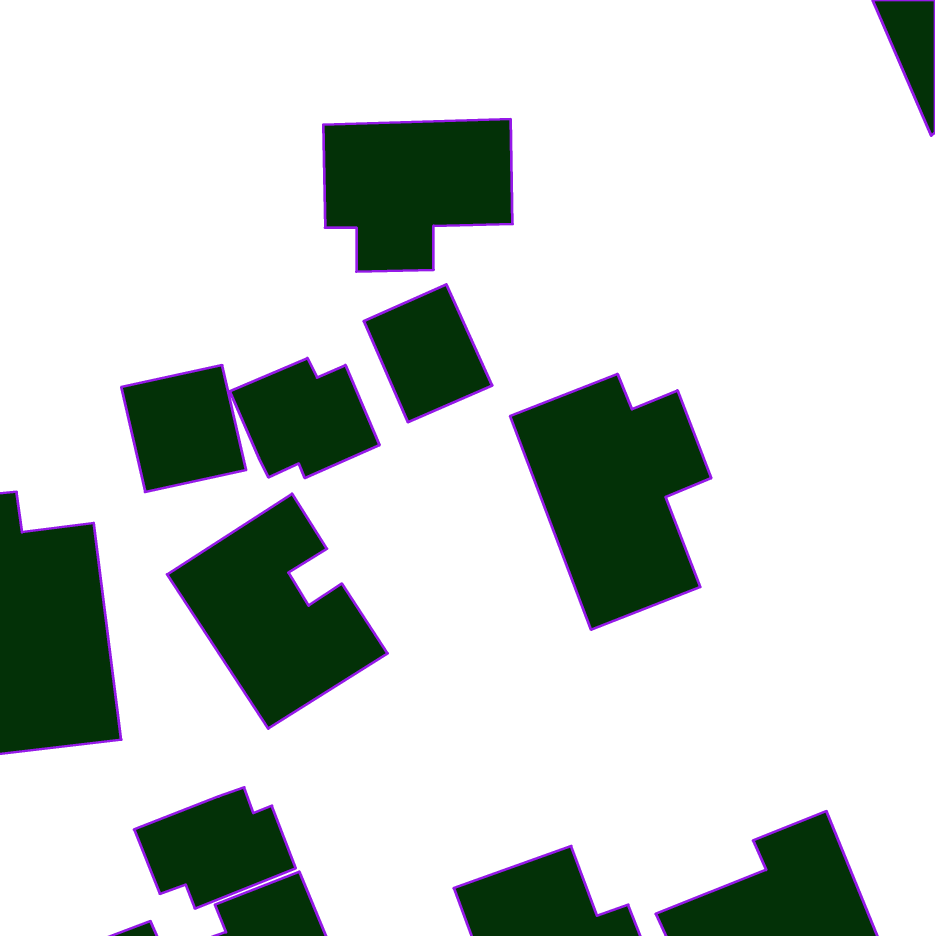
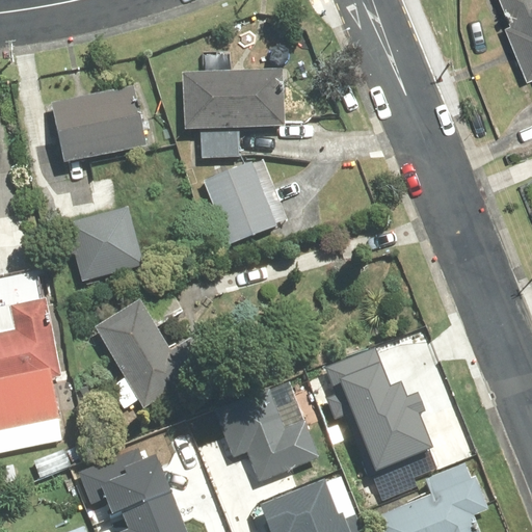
building: none -> [52,84,151,164]
building: [230,358,379,478] -> none
building: [510,374,711,630] -> none
building: none -> [326,349,429,497]
building: none -> [215,390,315,476]

